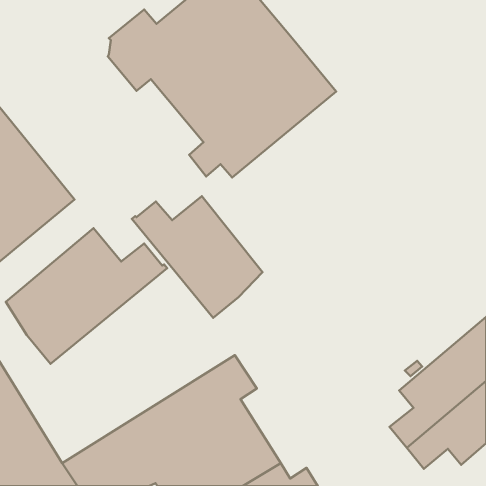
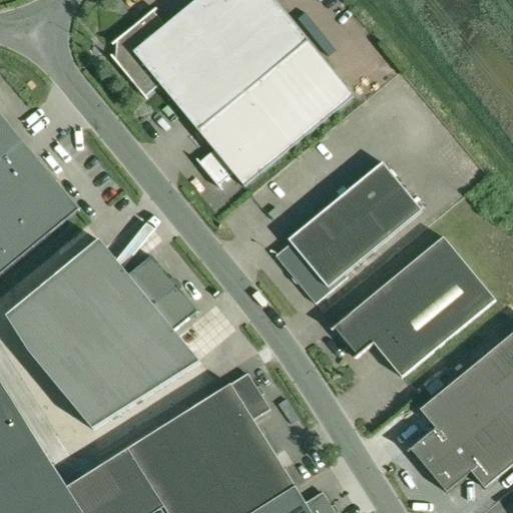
building: none -> [275,162,421,304]
building: [132,196,263,318] -> none
building: none -> [333,236,495,378]
building: none -> [53,282,199,429]

